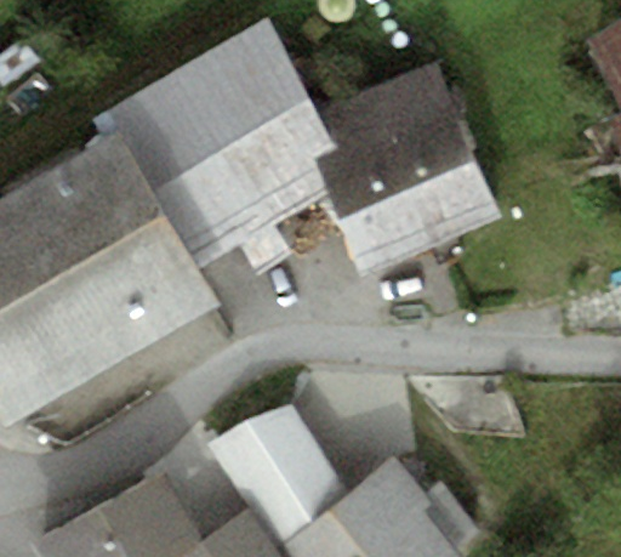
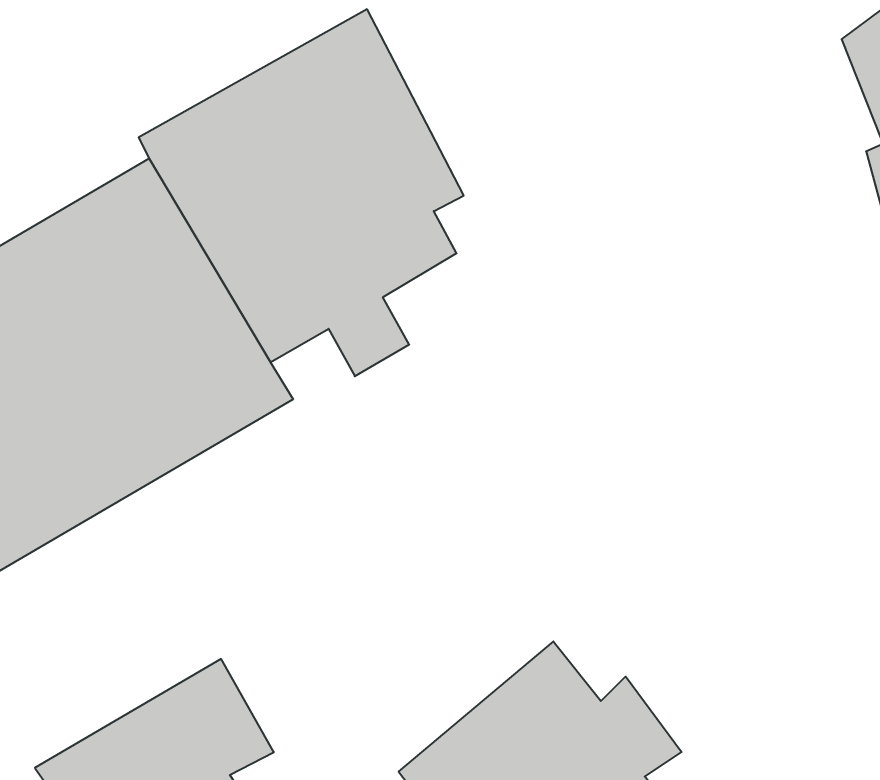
building: [310,64,498,277] -> none
building: [215,405,346,536] -> none

